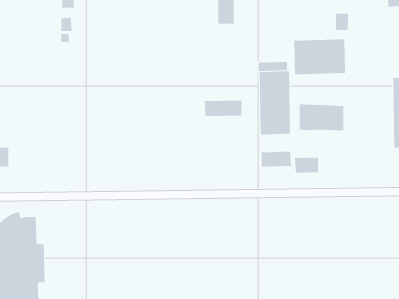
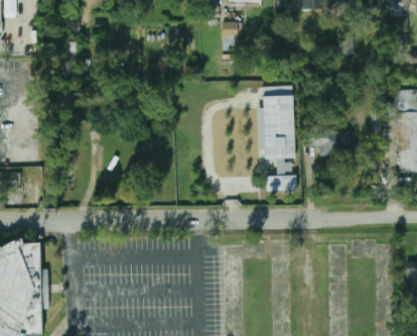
building: [294,38,346,75] -> none
building: [204,100,242,117] -> none
building: [295,157,319,174] -> none

